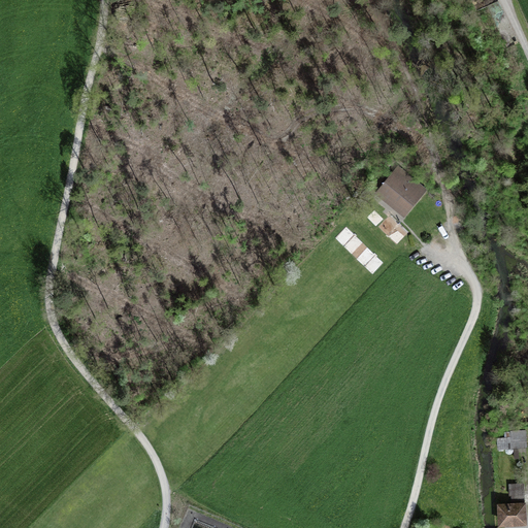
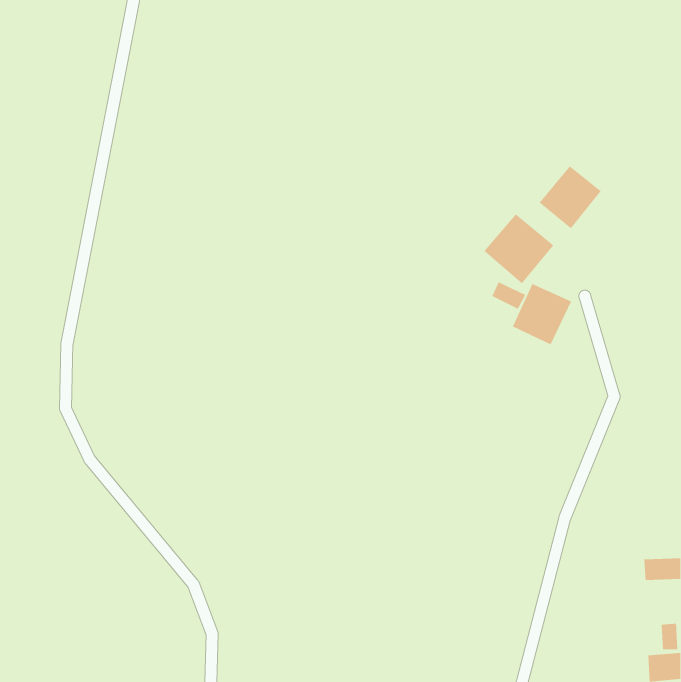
building: none -> [539,165,602,229]
building: none -> [512,283,572,345]

